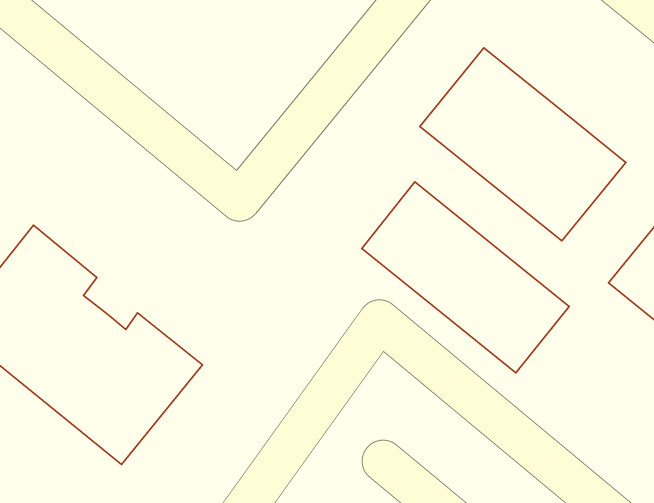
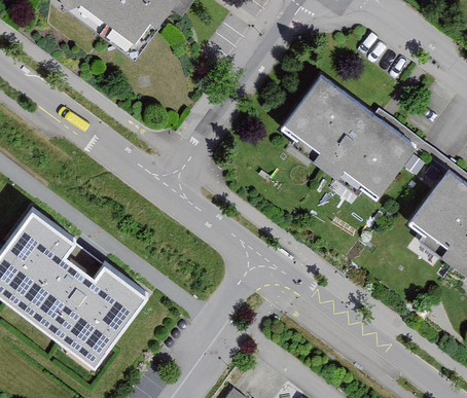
building: [362,182,569,373] -> none

